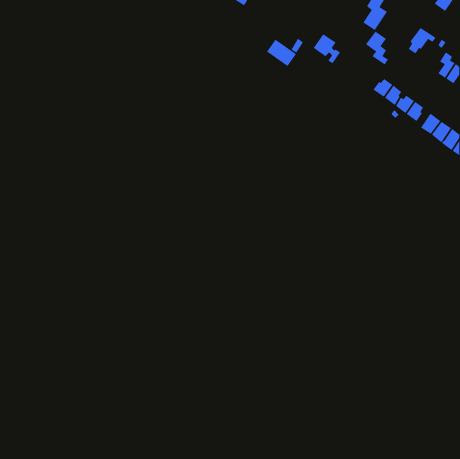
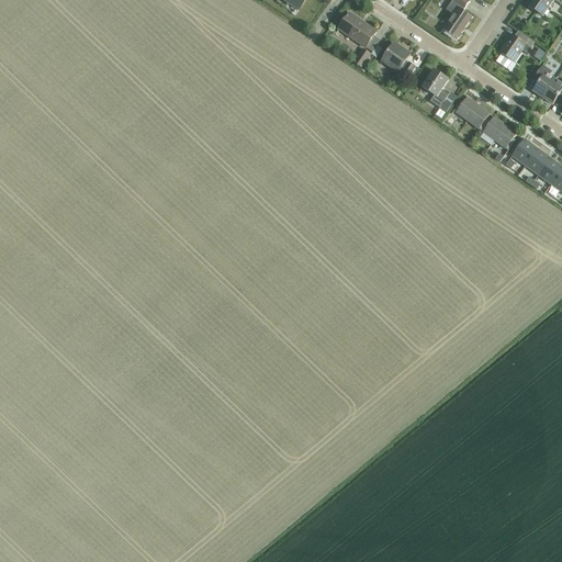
building: [365,31,389,65] -> [422,68,450,110]
building: [266,39,297,67] -> [338,11,375,45]

